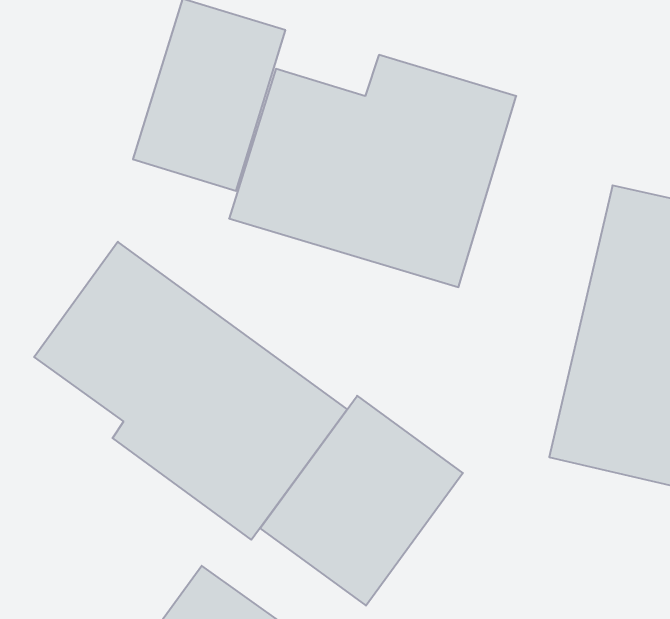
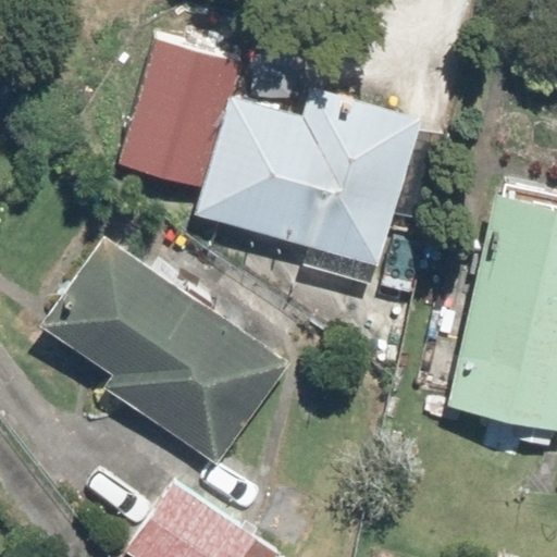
building: [260,396,463,606] -> none

